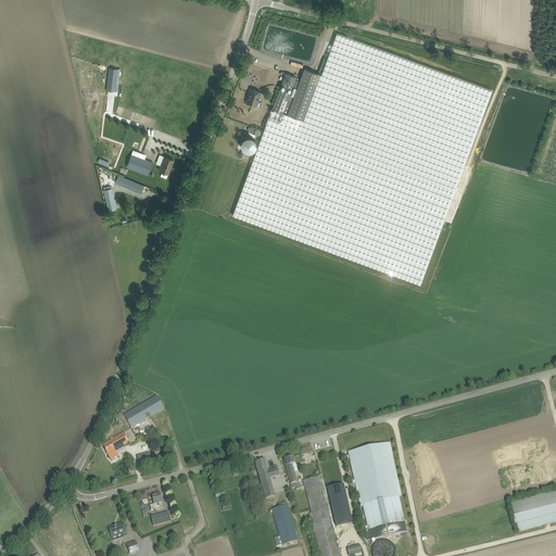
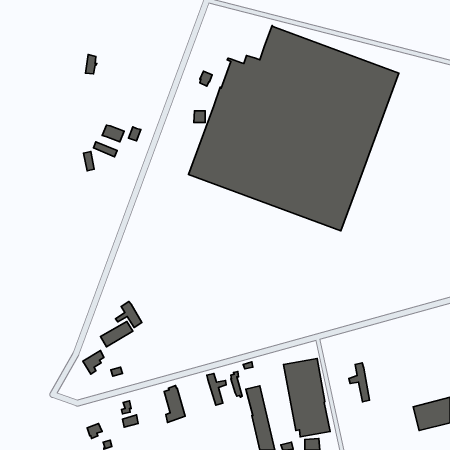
building: none -> [116,301,142,327]
building: none -> [349,363,370,402]
building: [327,484,352,526] -> none
building: [271,502,298,547] -> [164,386,185,422]

